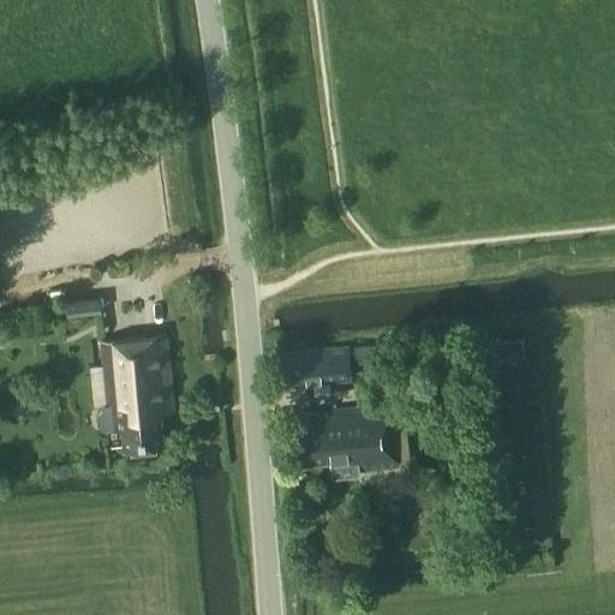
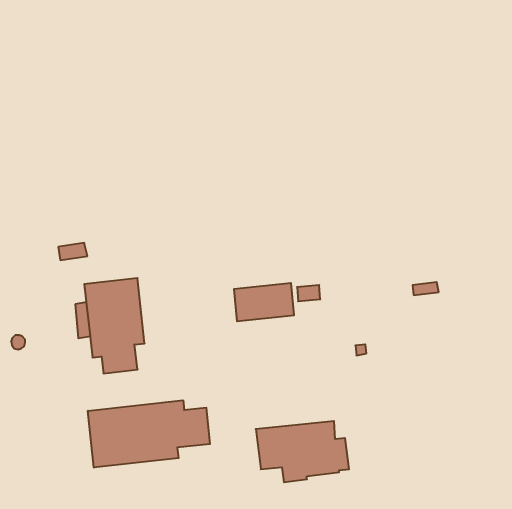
building: [299,407,411,480] -> [256,421,349,482]
building: none -> [88,400,210,468]

